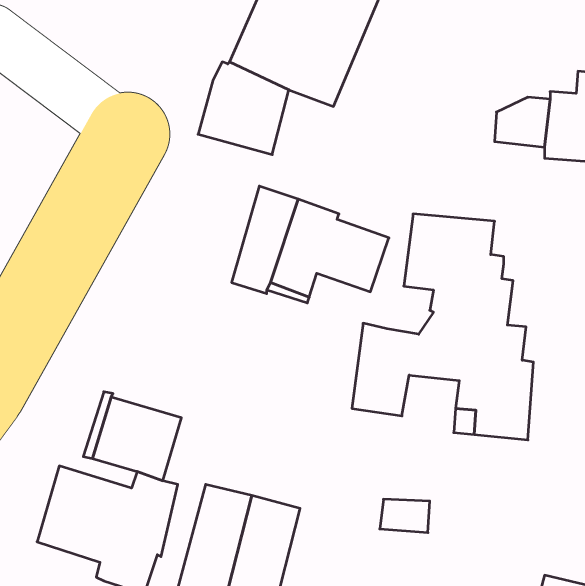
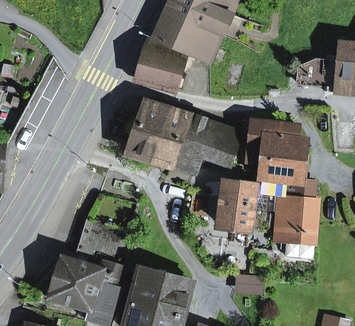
building: none -> [127,99,169,158]

